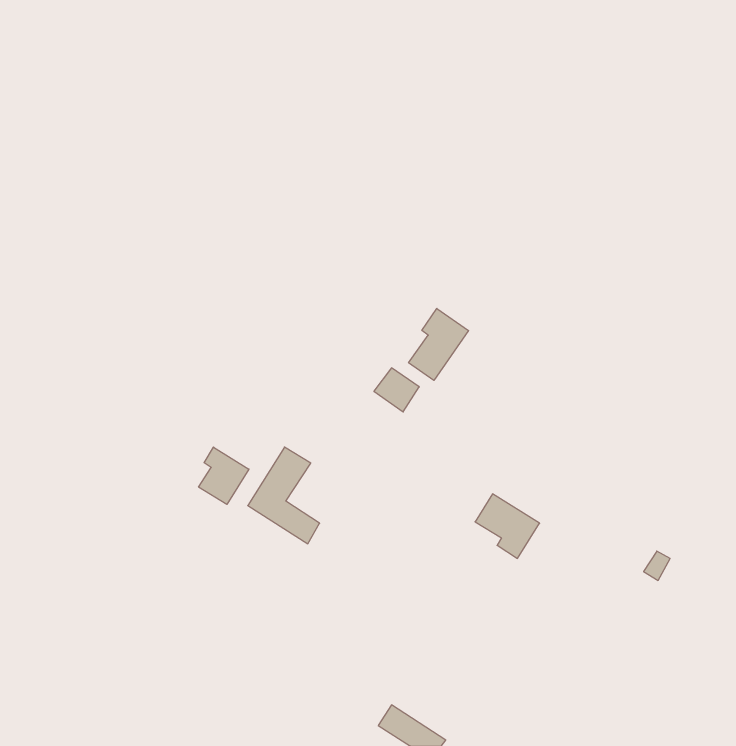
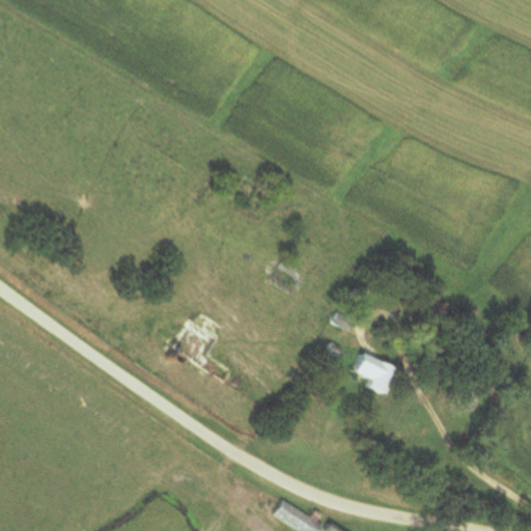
building: [409,308,469,380] -> none
building: [199,447,249,504] -> none

